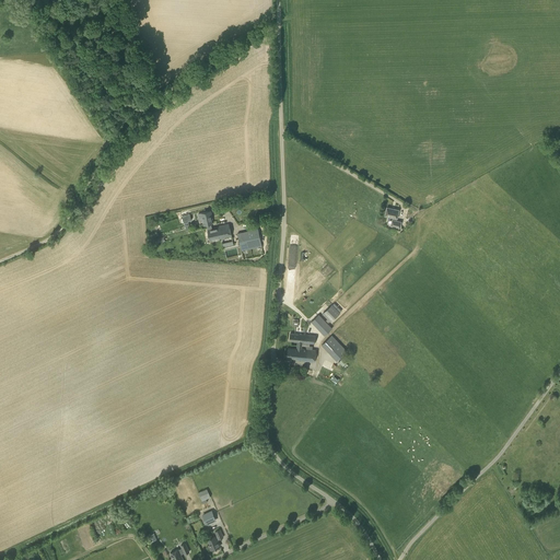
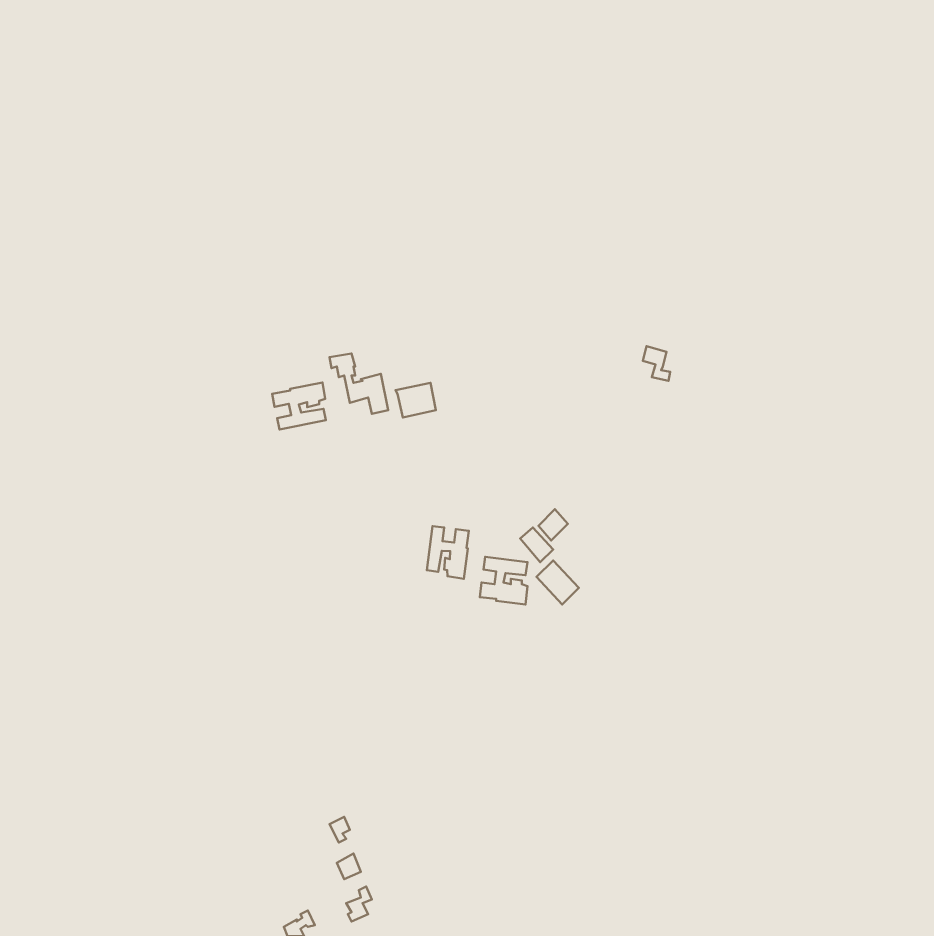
building: none -> [272,382,326,429]
building: none -> [427,526,469,579]

